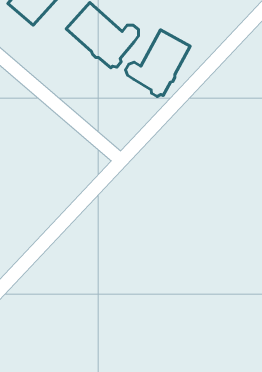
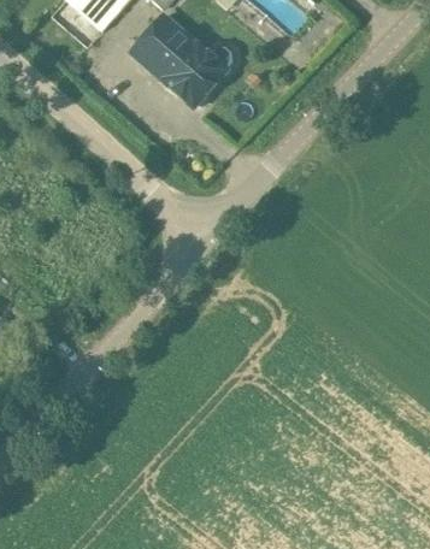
building: [125,30,190,97] -> none

